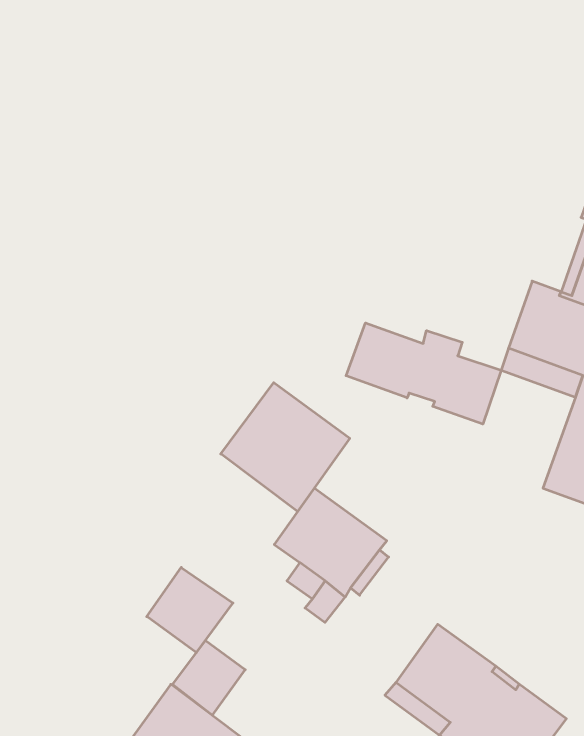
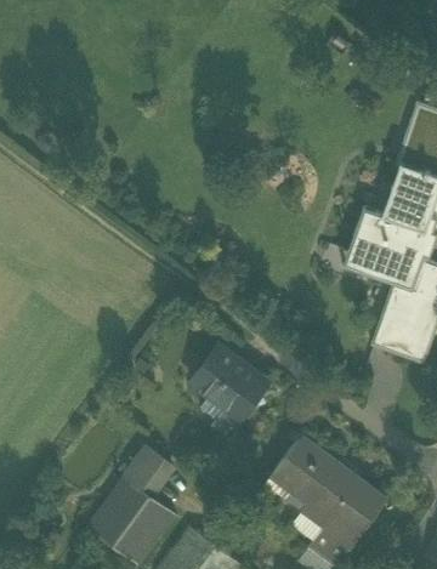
building: [346,323,501,424] -> none
building: [221,383,350,511] -> none
building: [147,567,233,653] -> none

